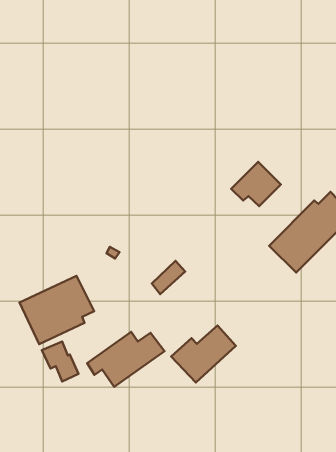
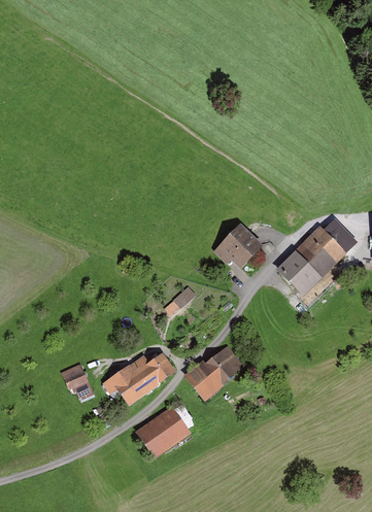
building: [231,162,281,206] -> [214,225,262,267]
building: [20,276,94,344] -> none
building: none -> [135,406,191,458]

